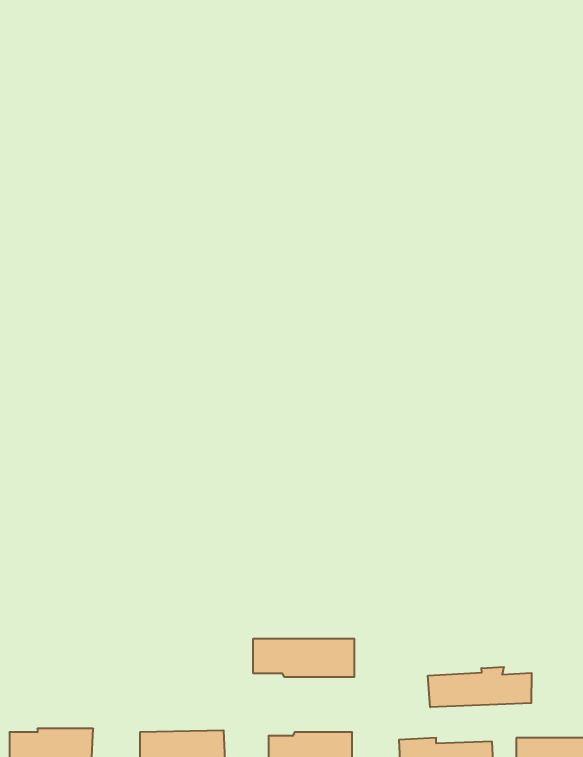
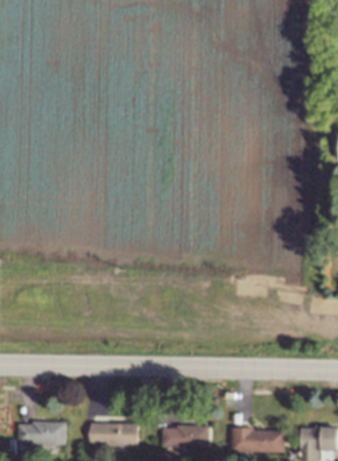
building: [253,639,354,677] -> none
building: [428,667,531,707] -> none

